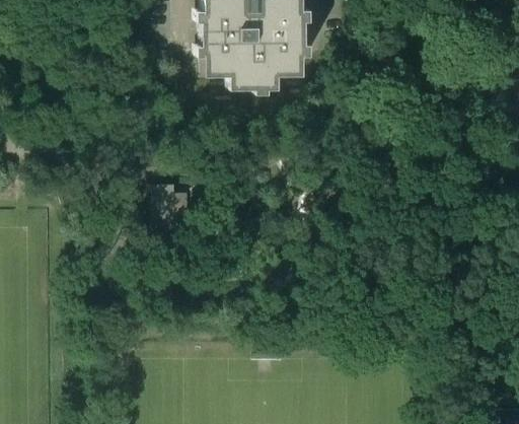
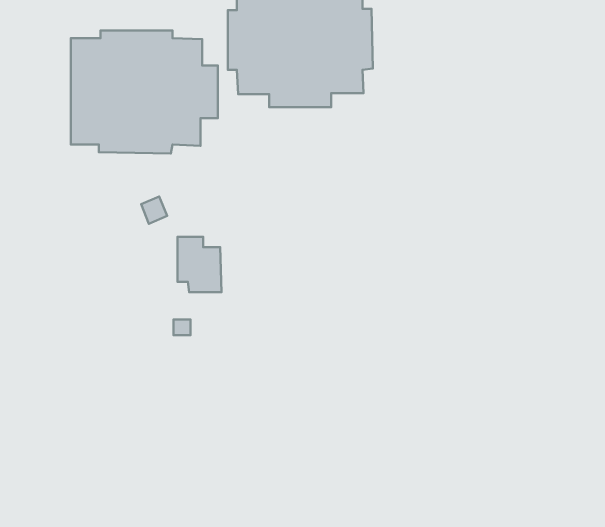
building: none -> [71,30,218,153]

